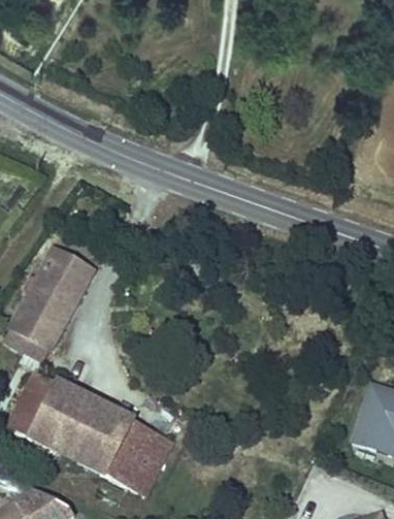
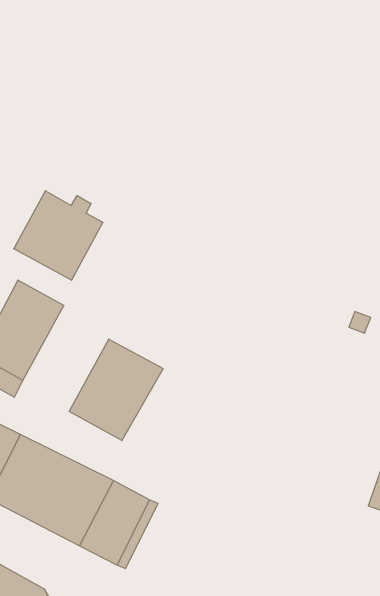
building: none -> [14,191,103,280]
building: none -> [69,339,163,441]

